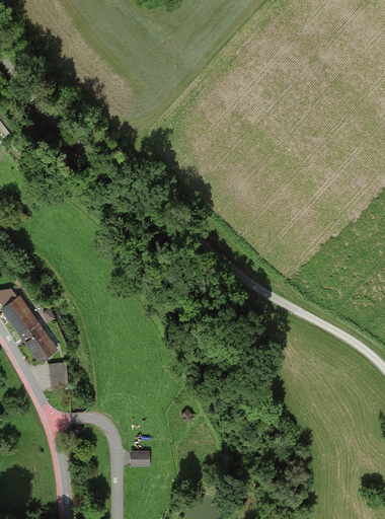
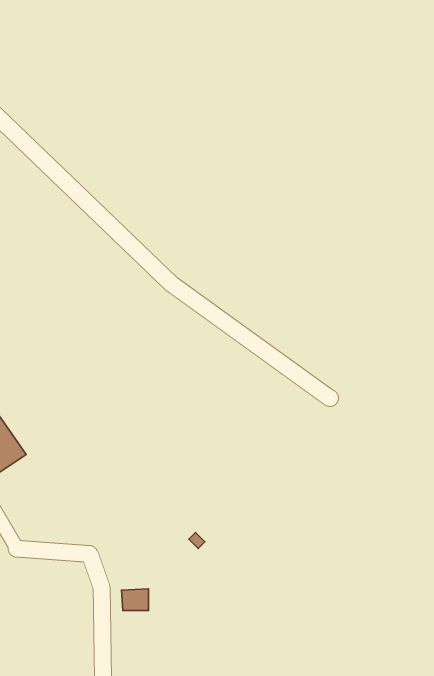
building: [49,361,70,390] -> none

